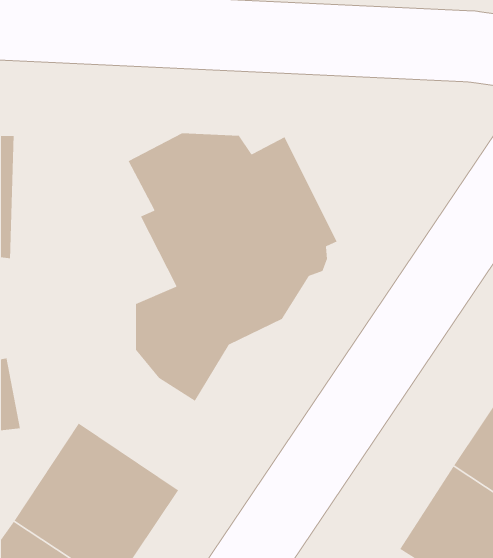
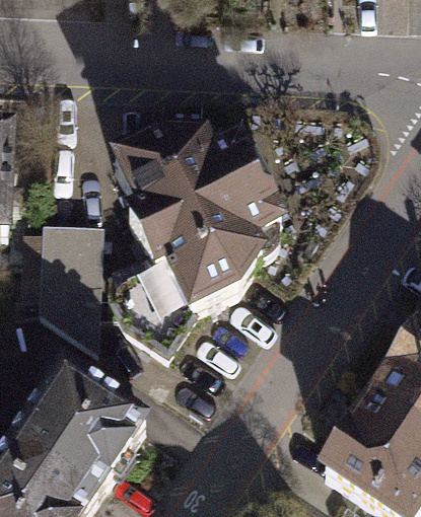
building: none -> [38,219,95,342]

